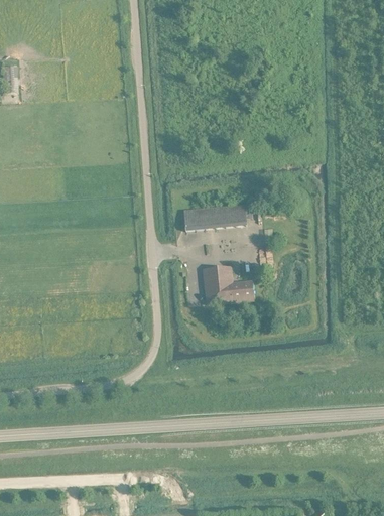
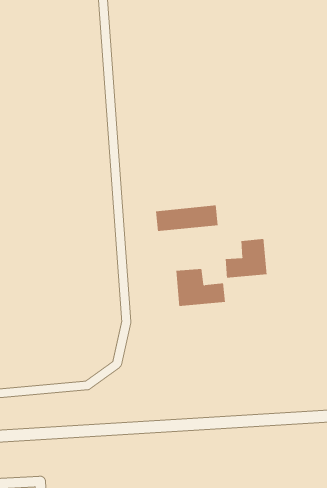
building: none -> [225,238,267,279]

